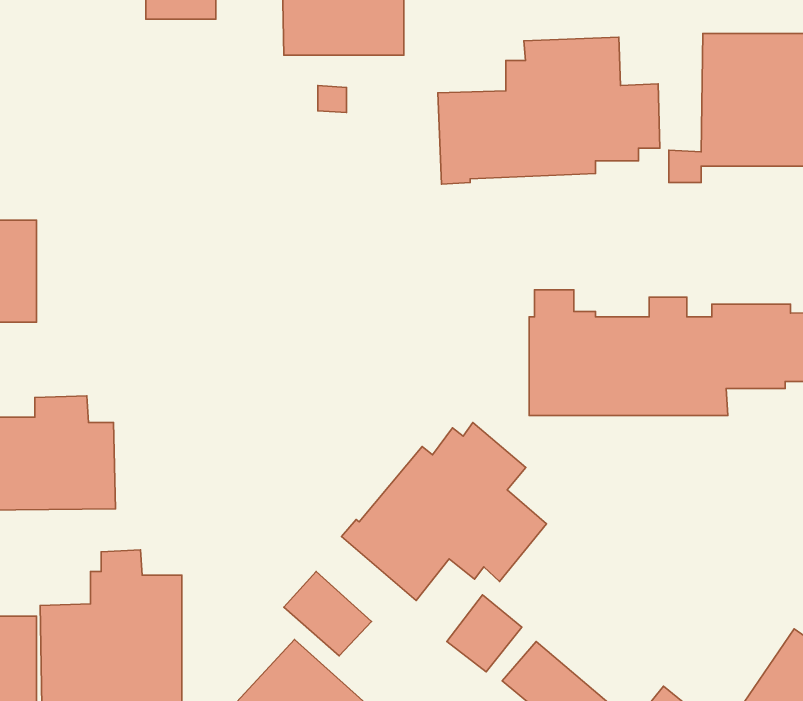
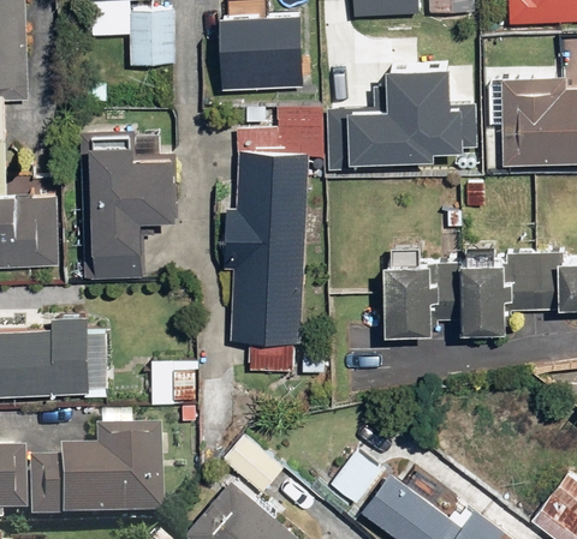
building: none -> [219,106,322,371]
building: none -> [94,140,174,250]
building: [342,423,547,600] -> none

